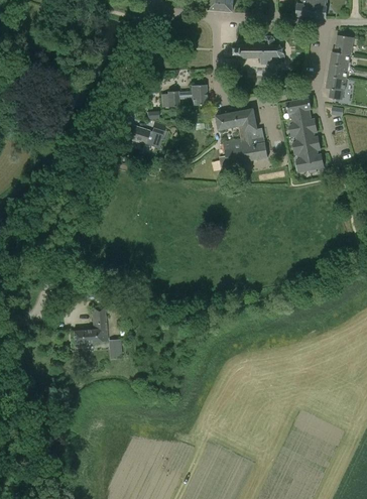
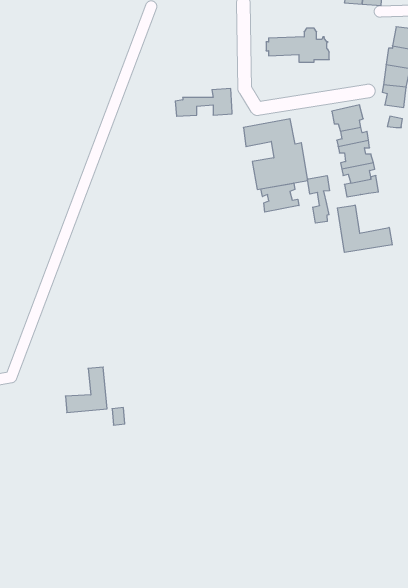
building: [128,122,166,148] -> none
building: none -> [308,176,329,223]
building: none -> [261,183,299,212]
building: none -> [337,205,392,252]

